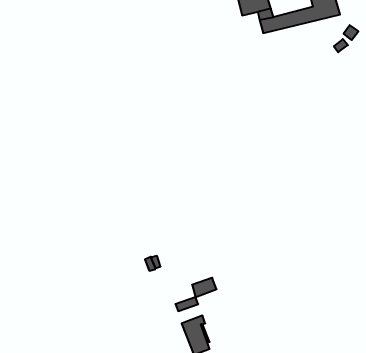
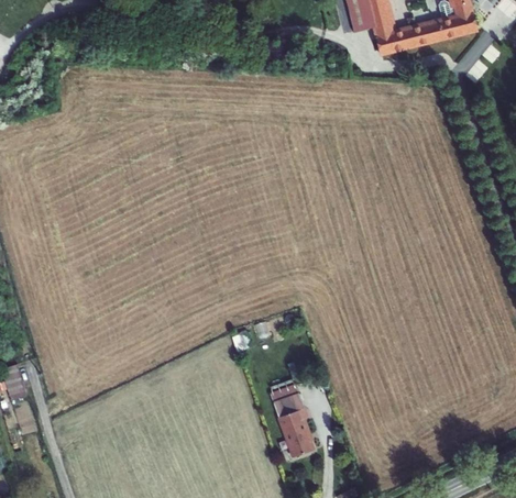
building: [192,278,217,297] -> [274,394,305,418]

